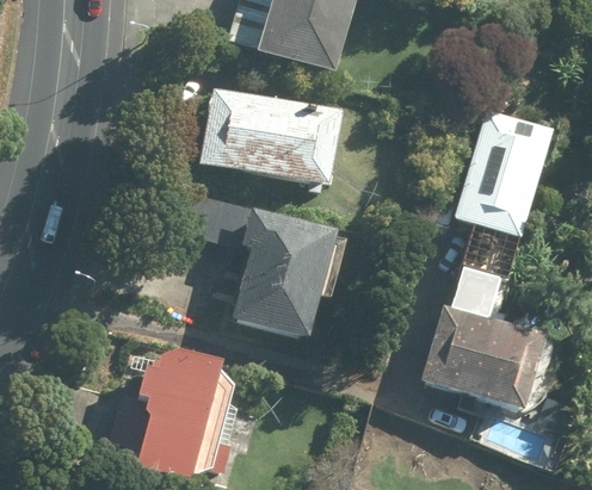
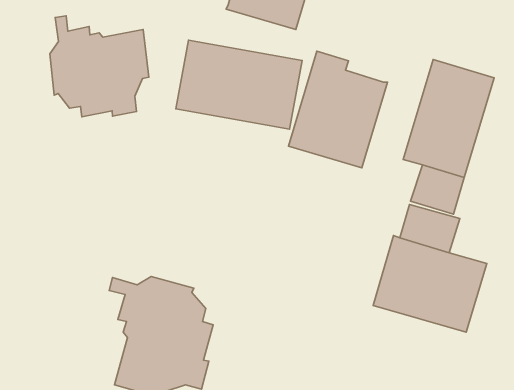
building: none -> [50,16,149,117]
building: none -> [288,51,387,168]
building: [180,188,339,341] -> none

